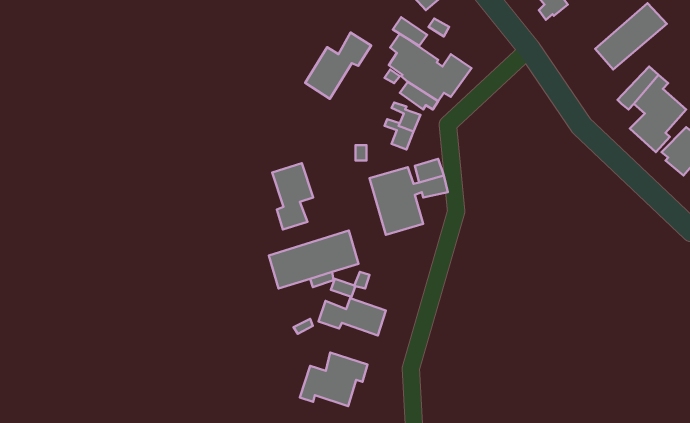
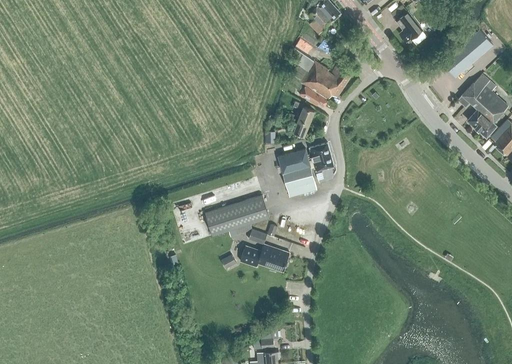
building: [305,32,371,99] -> none
building: [272,163,313,229] -> none
building: [300,353,368,406] -> none

